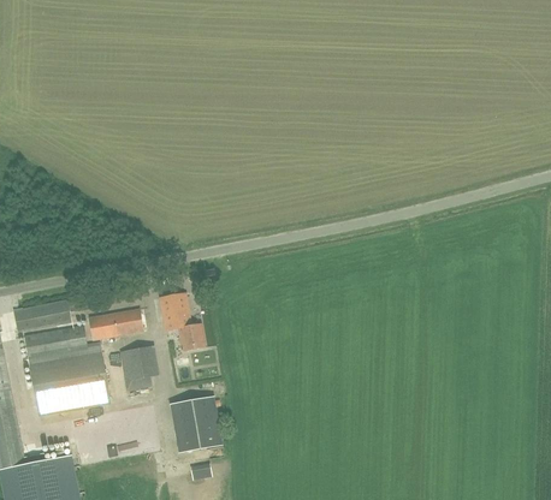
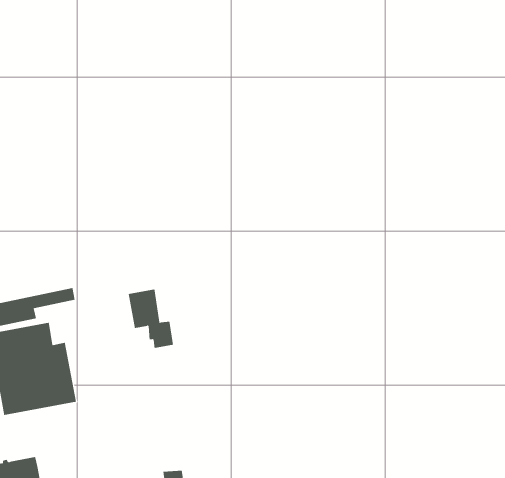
building: [90,309,144,340] -> none
building: [120,347,153,391] -> none
building: [171,398,223,452] -> none

